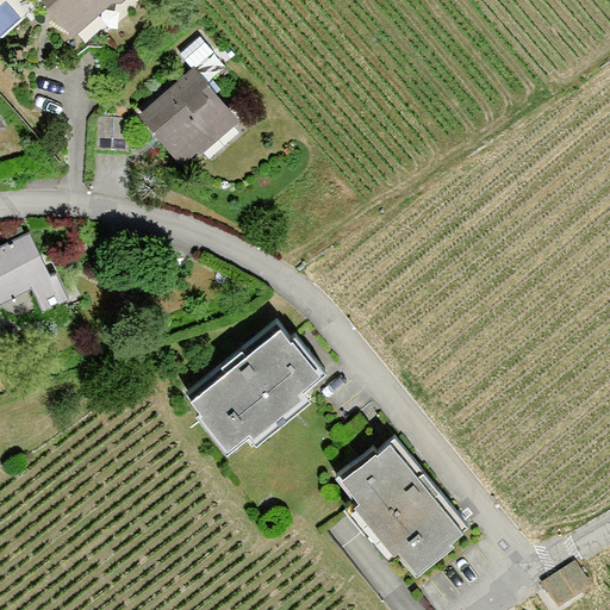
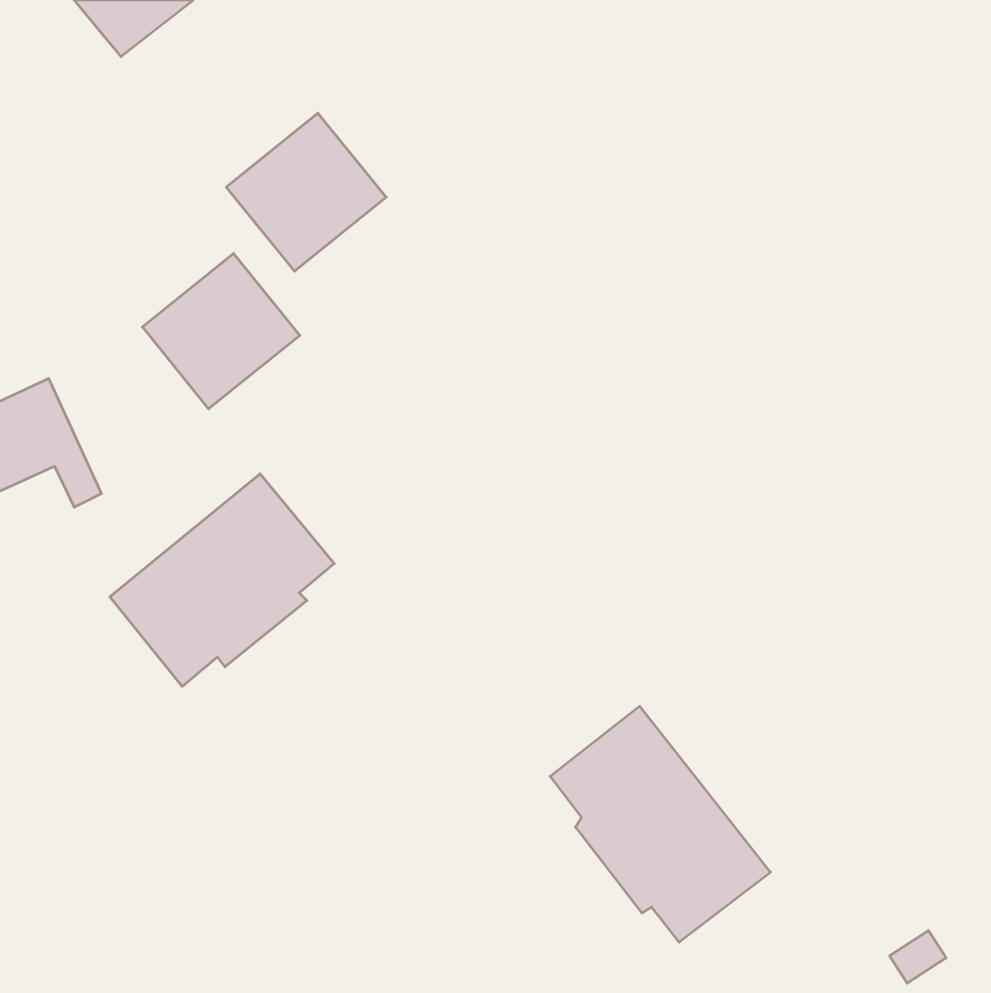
building: none -> [142,253,300,409]
building: [183,319,320,449] -> [110,474,334,686]

